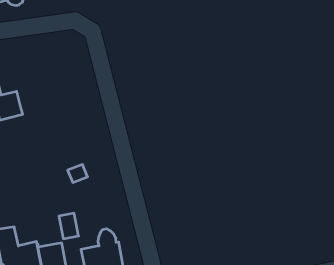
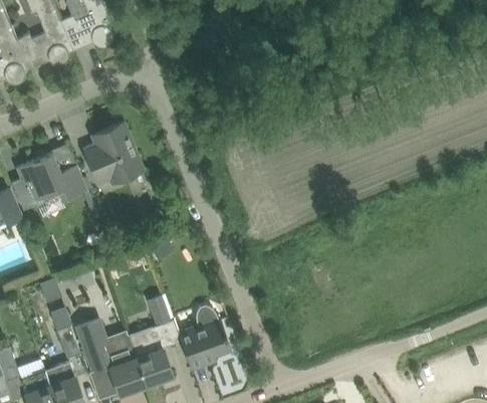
building: none -> [82,123,144,186]

